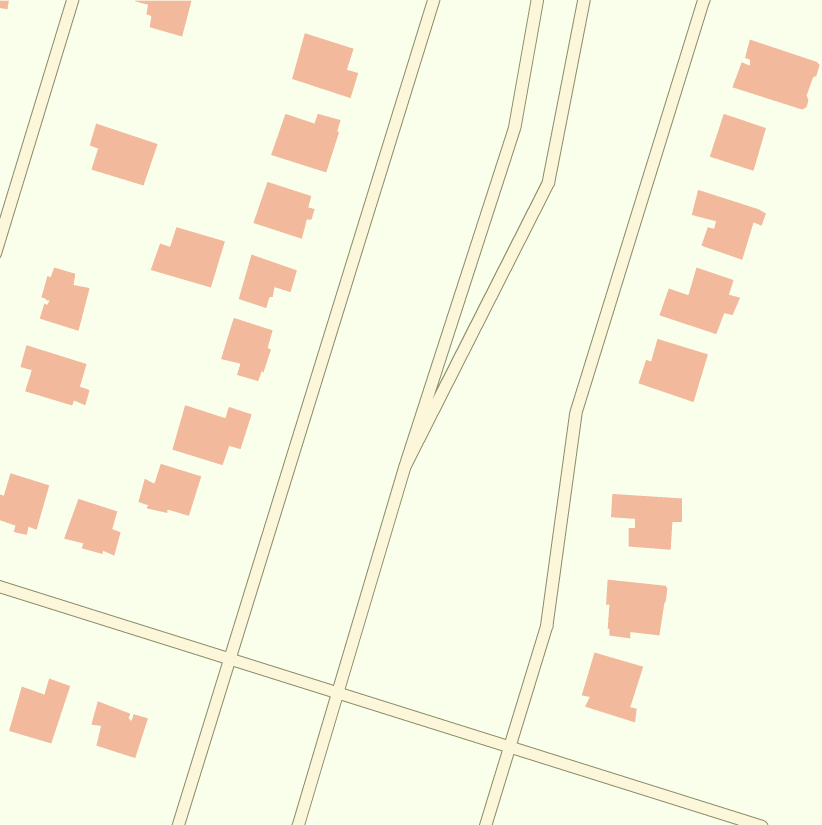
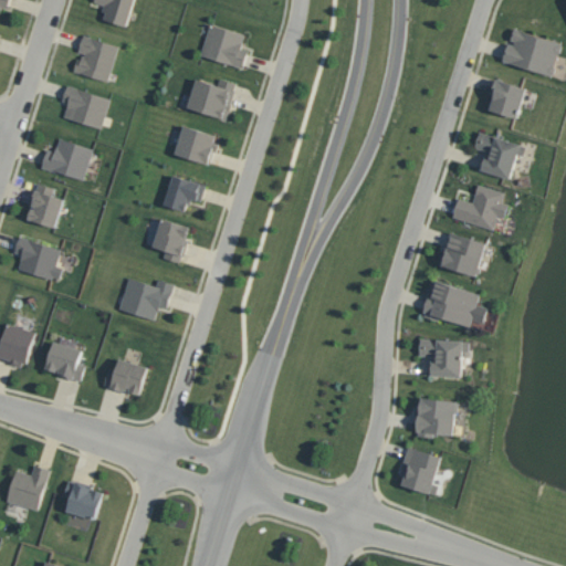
building: none -> [72,35,116,82]
building: [150,227,226,288] -> [40,138,92,180]
building: none -> [420,281,485,326]
building: [138,463,202,517] -> [103,358,147,395]

